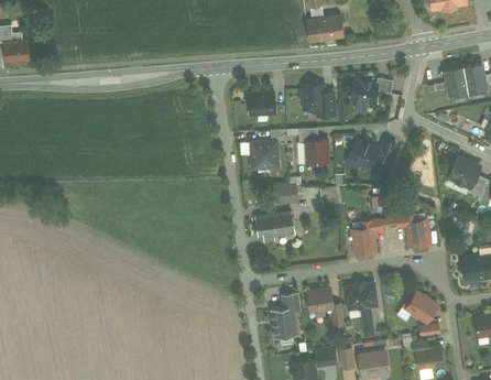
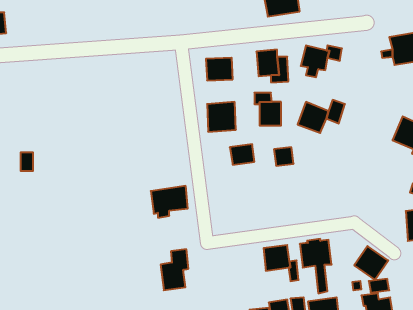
building: [254,209,294,243] -> [151,186,188,218]
building: [349,211,432,257] -> none
building: [273,297,303,341] -> [161,249,188,290]

